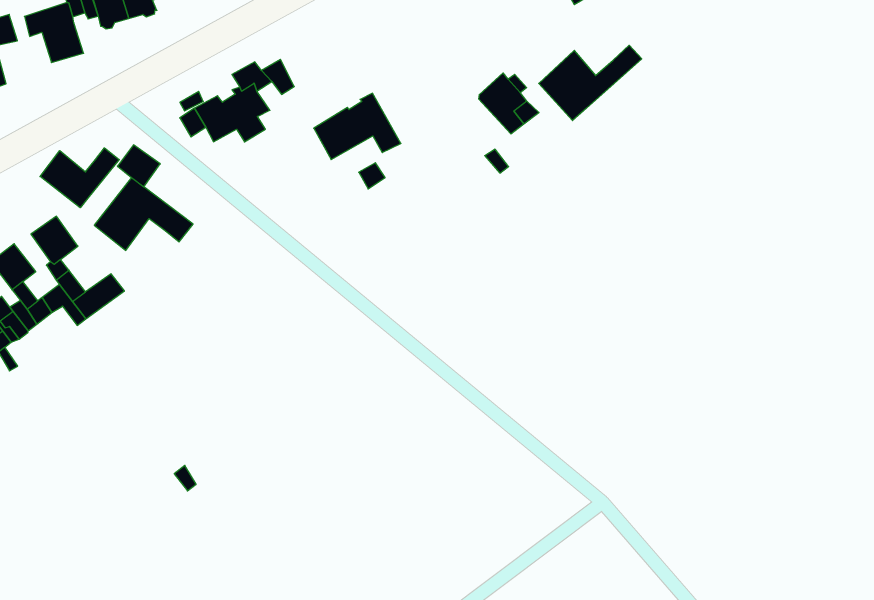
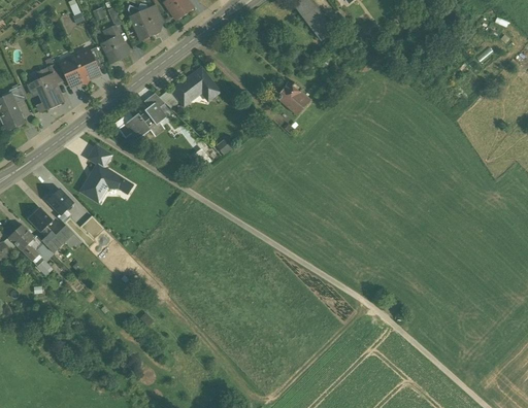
building: [539,45,642,121] -> none
building: [314,93,401,160] -> [172,68,220,106]
building: [40,148,119,208] -> none

